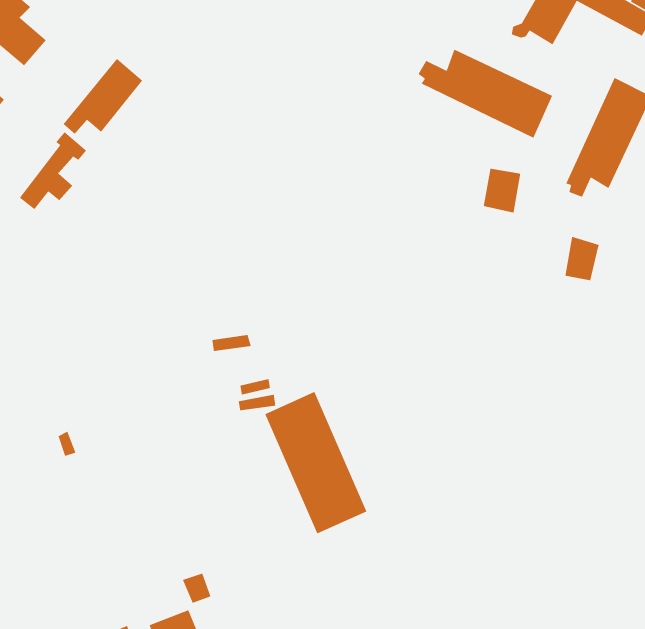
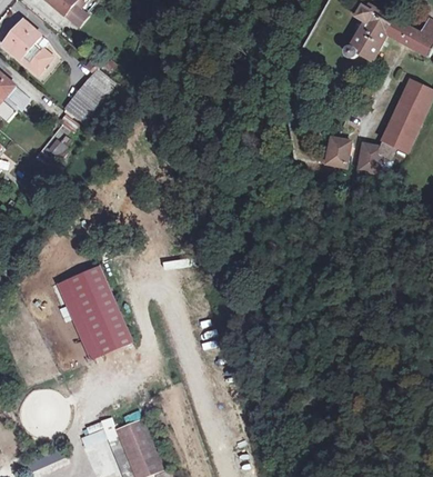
building: [418,49,553,139] -> none
building: [565,236,600,281] -> [360,143,382,172]
building: [264,391,367,534] -> [64,265,130,356]

